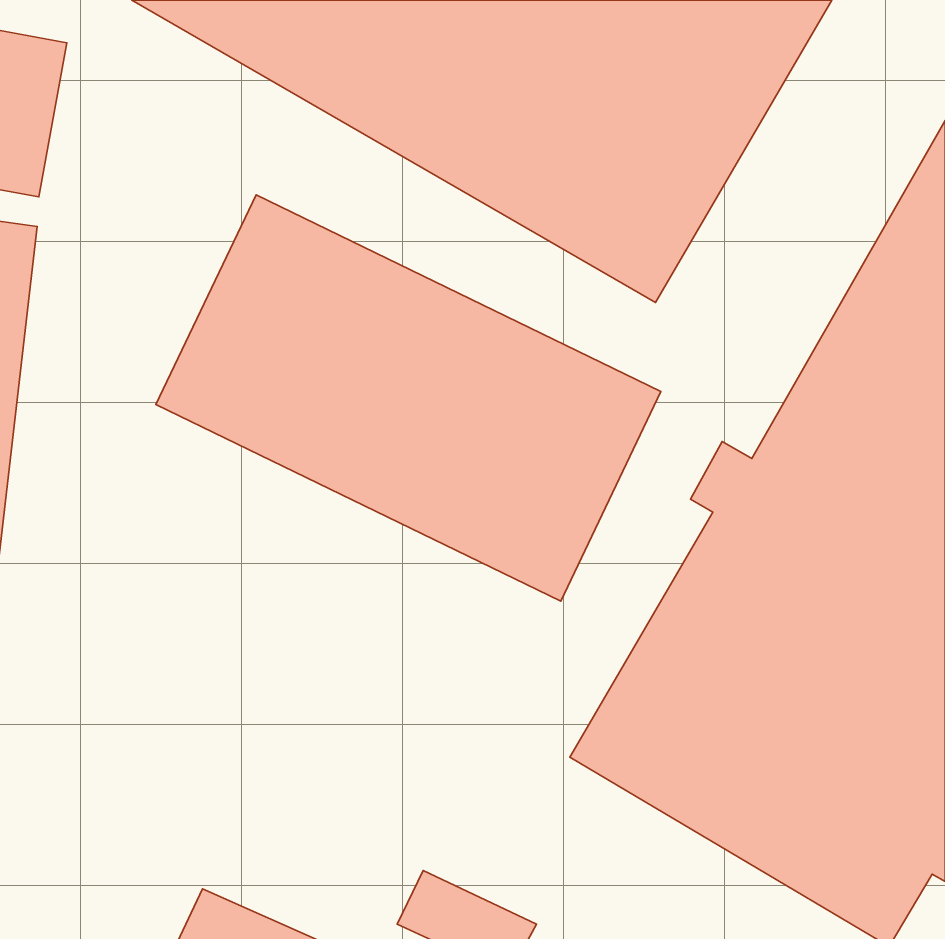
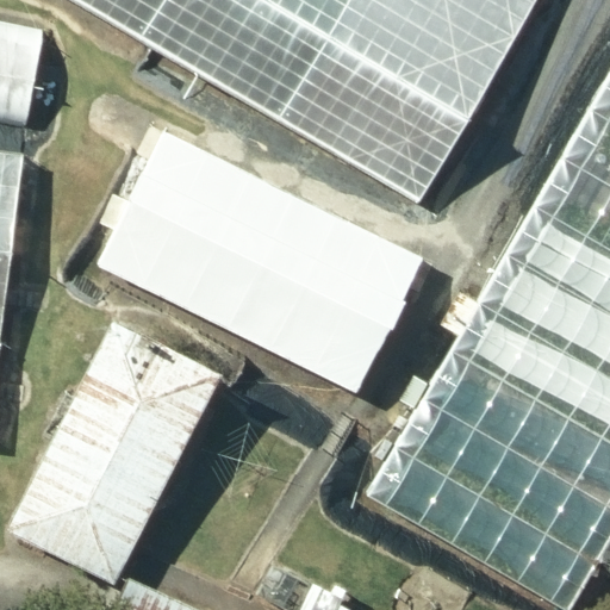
building: none -> [12,312,226,581]

